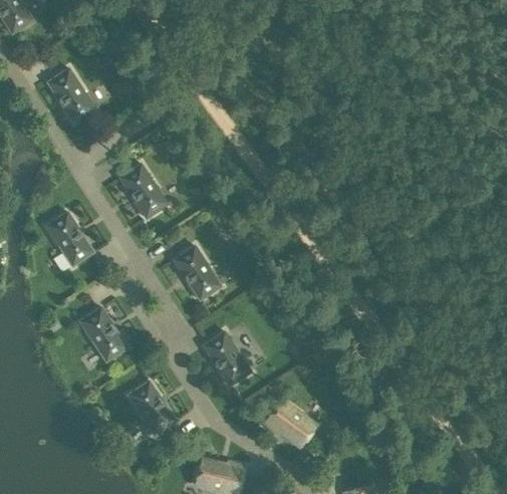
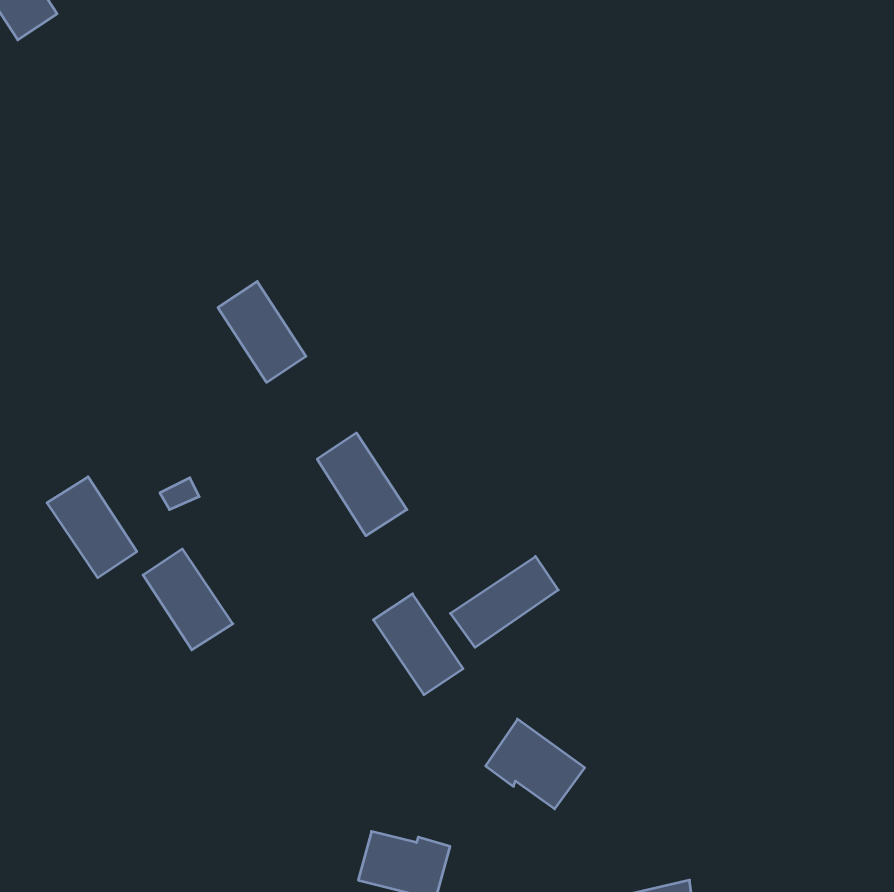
building: [47,68,94,124] -> none
building: [45,212,93,266] -> [47,477,137,578]
building: none -> [450,556,558,647]
building: [128,381,176,435] -> none

